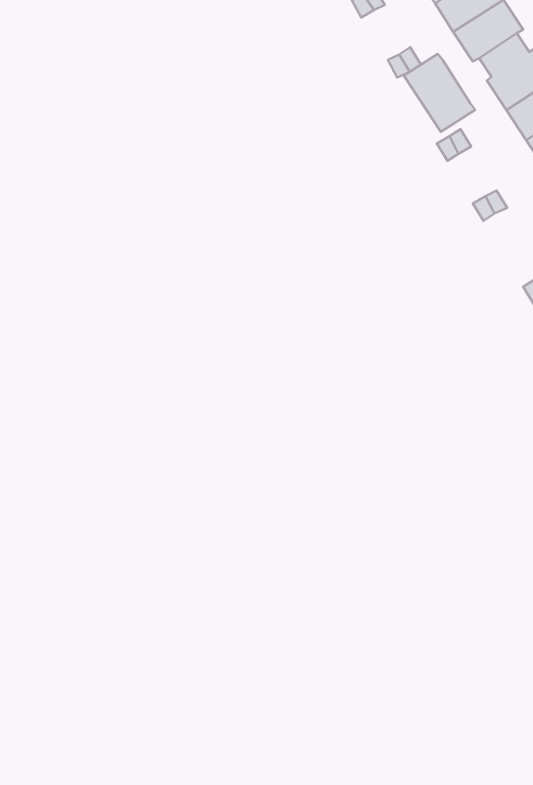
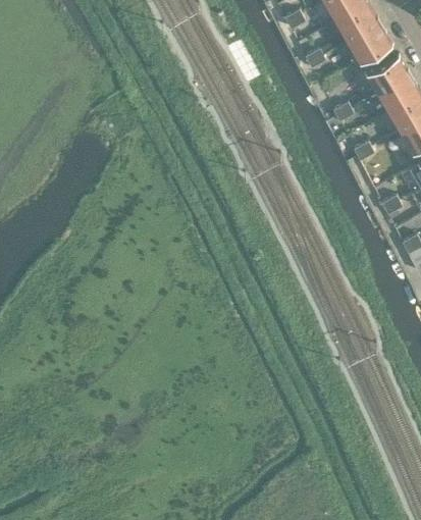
building: [404,54,475,132] -> none

